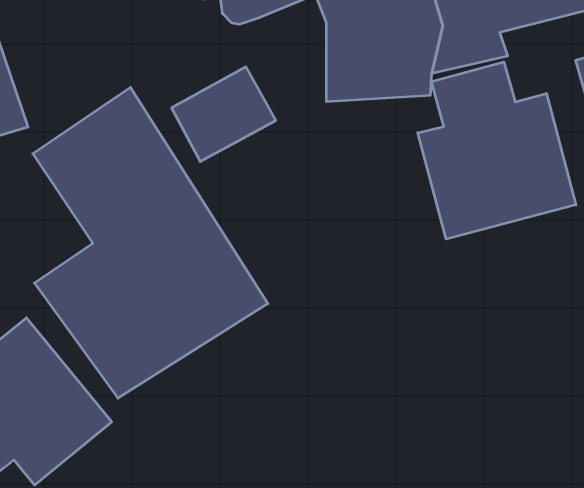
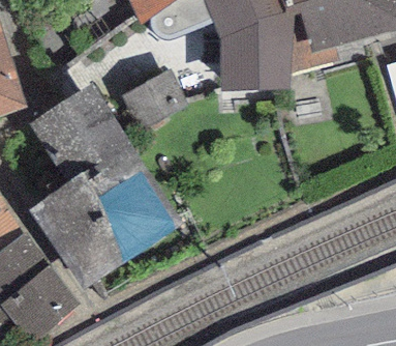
building: [418,62,576,239] -> none

